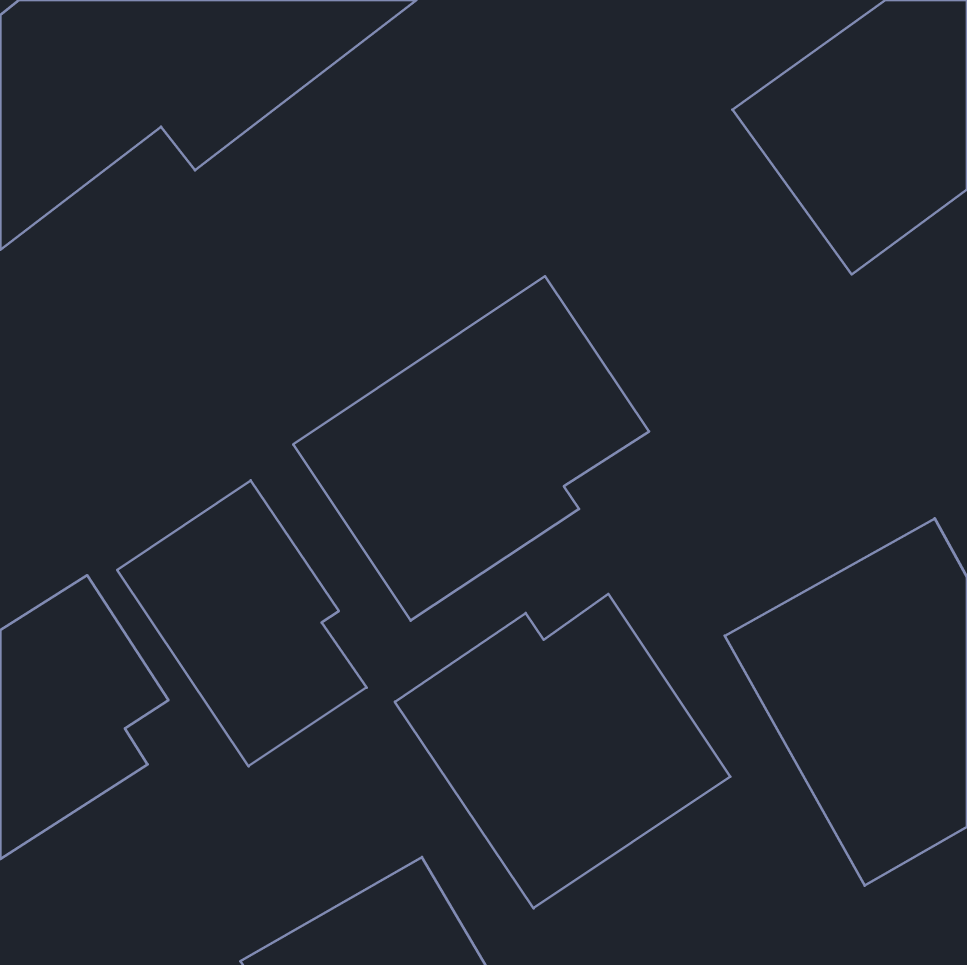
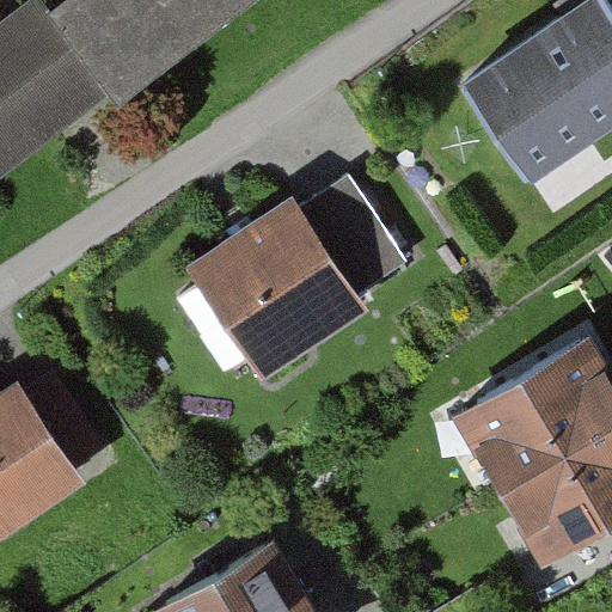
building: [117,480,367,766] -> none
building: [395,594,730,908] -> none

